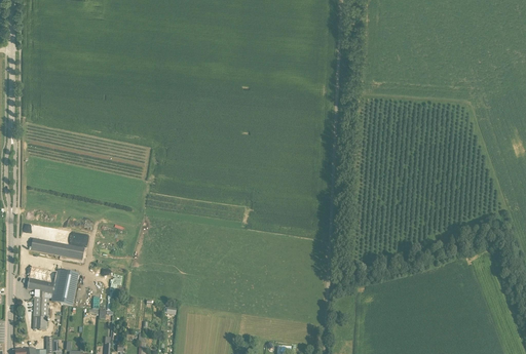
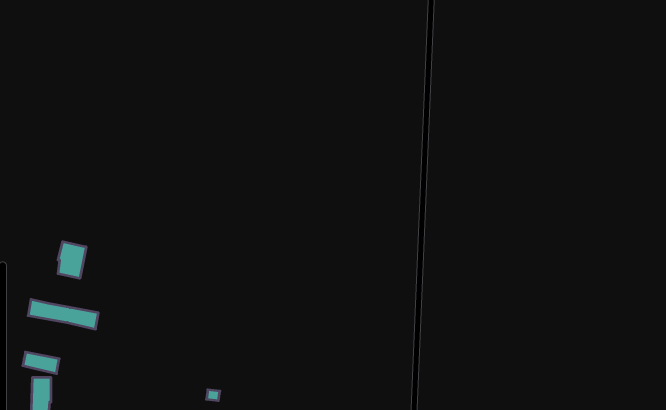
building: none -> [58,242,86,278]
building: [51,269,79,305] -> none

